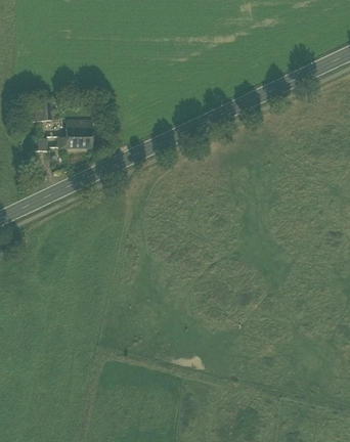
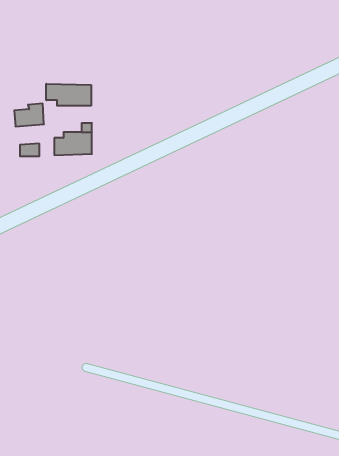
building: none -> [46,84,91,106]

